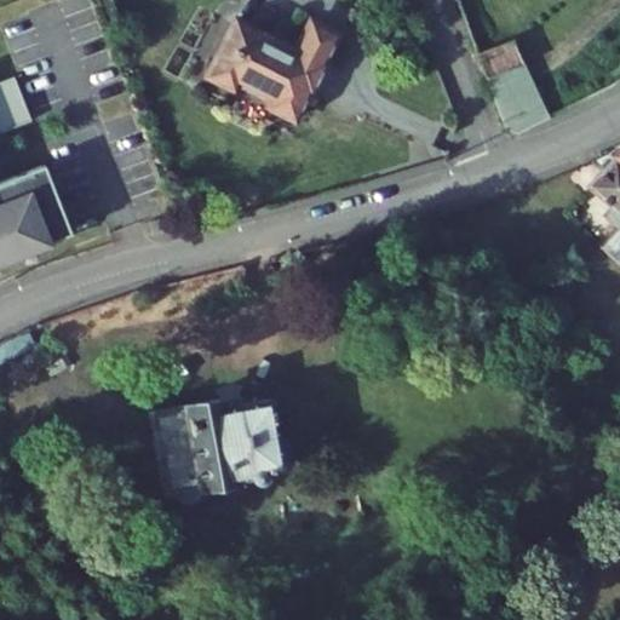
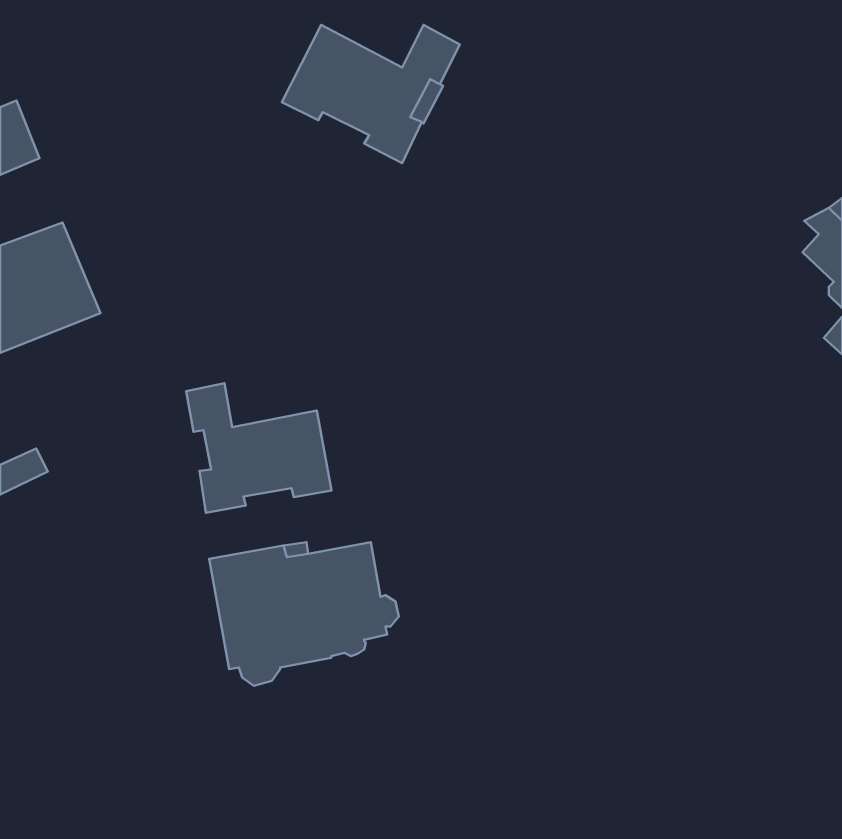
building: [477,41,550,136] -> none
building: none -> [186,383,331,513]

